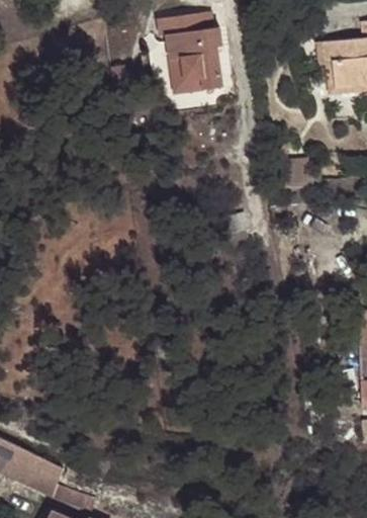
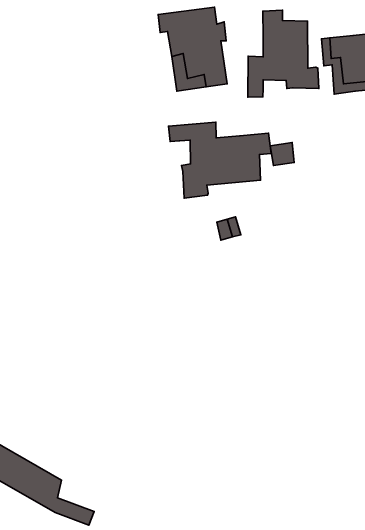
building: none -> [248,10,319,97]
building: none -> [169,122,271,198]

